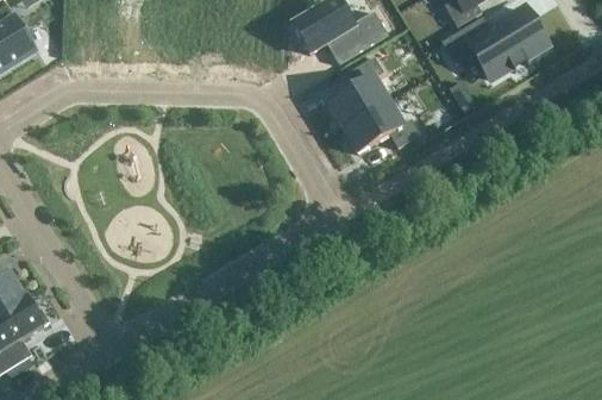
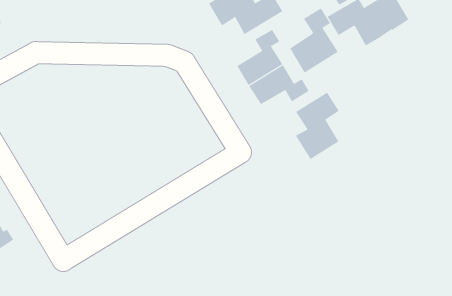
building: none -> [290,8,339,73]
building: none -> [295,92,339,160]

